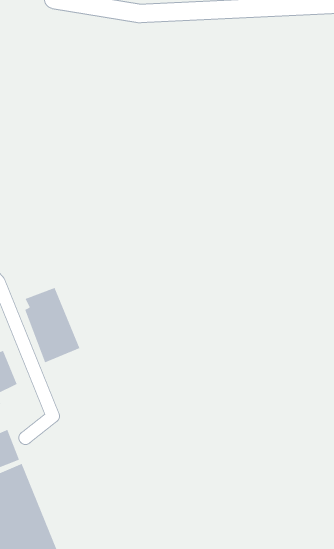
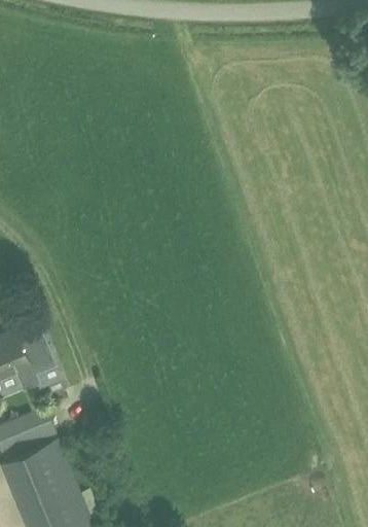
building: [25,287,80,363] -> none

